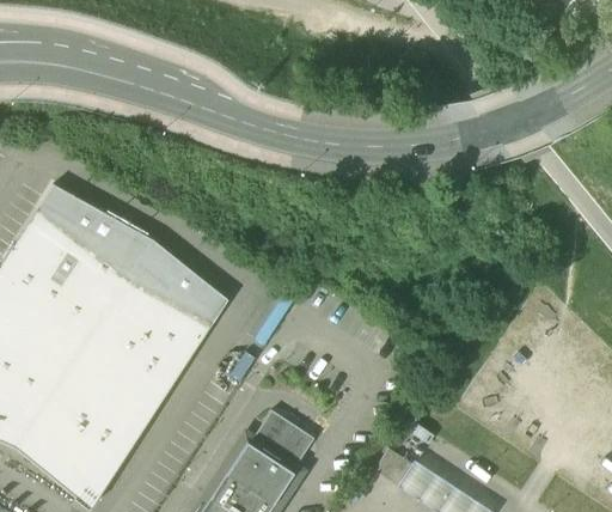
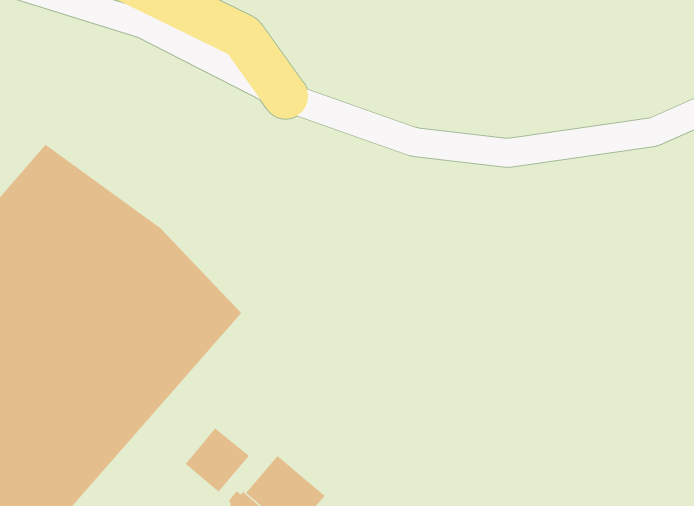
building: none -> [185,427,250,492]

